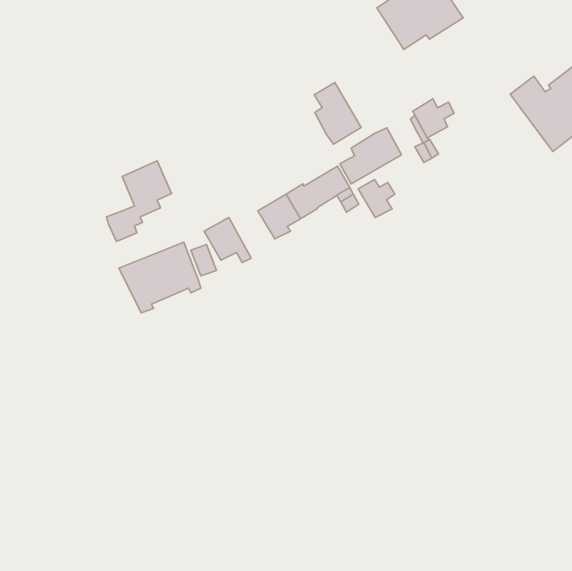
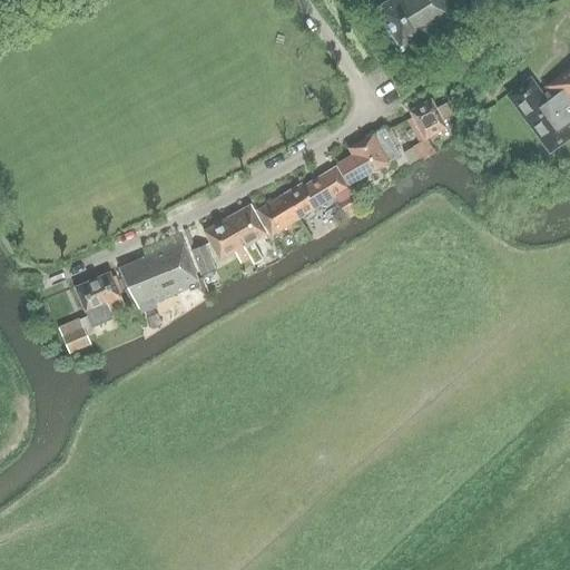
building: [314,82,361,144] -> none
building: [107,161,172,242] -> [60,271,125,351]
building: [358,179,395,218] -> none
building: none -> [228,204,267,263]

